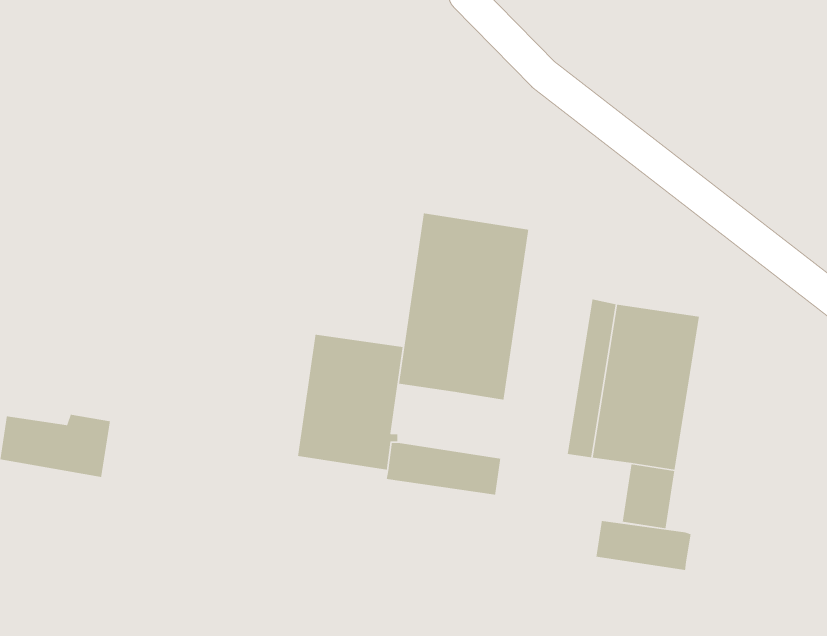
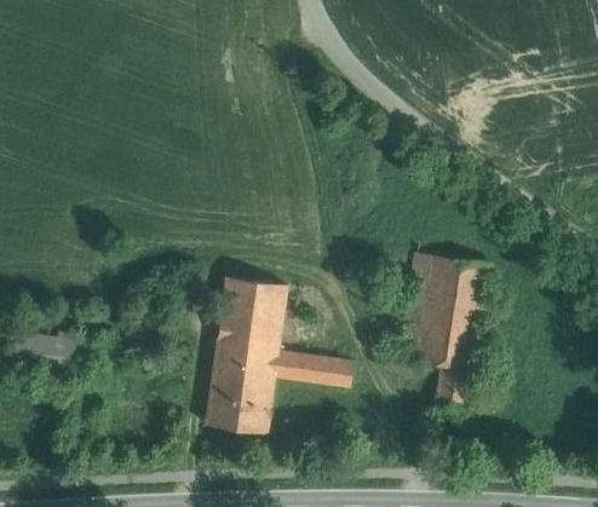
building: [398,213,529,401] -> none
building: none -> [206,361,276,432]
building: [596,520,691,571] -> none

